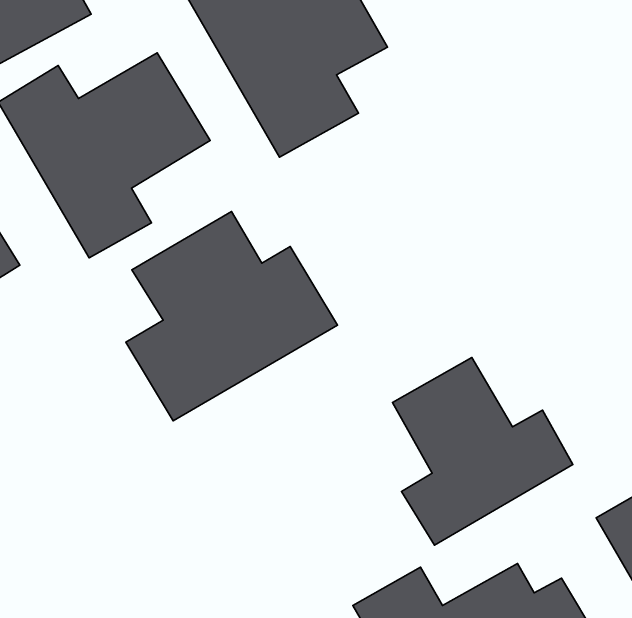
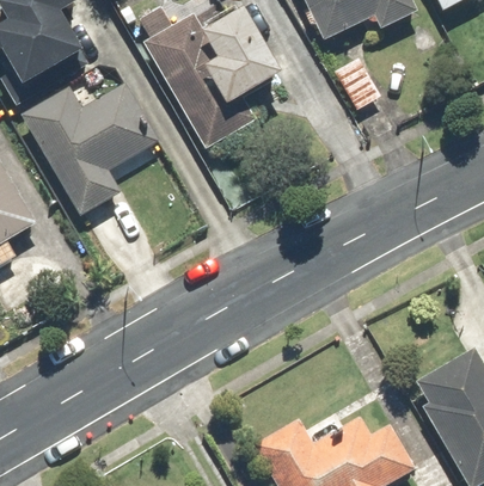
building: [126,211,337,421] -> none
building: [392,358,573,545] -> none

